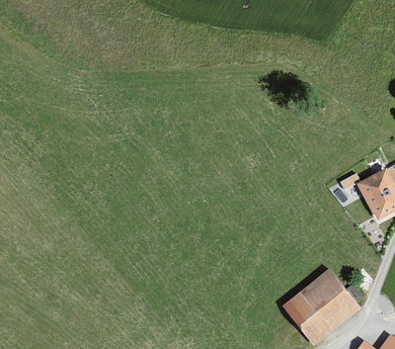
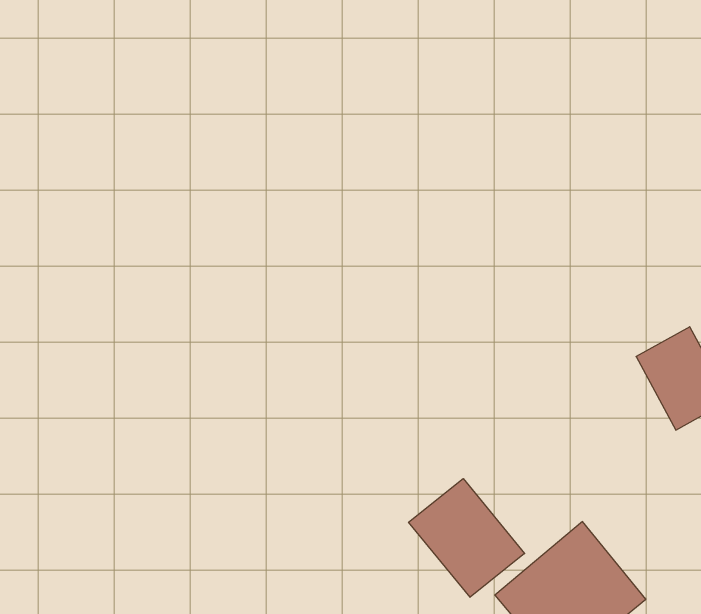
building: none -> [409,479,525,597]

